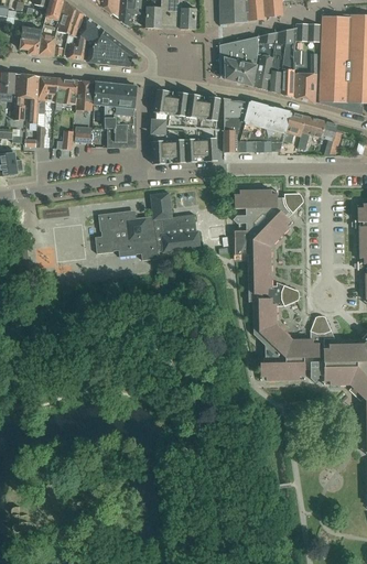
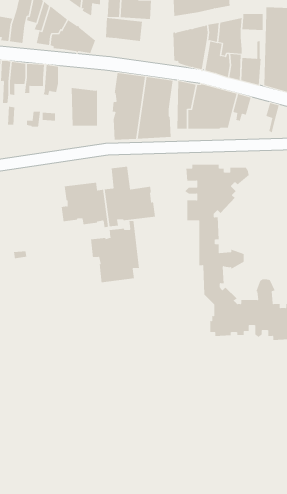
building: [95,82,137,108] -> [105,18,143,41]
building: [299,116,326,150] -> none
building: none -> [91,220,139,283]

